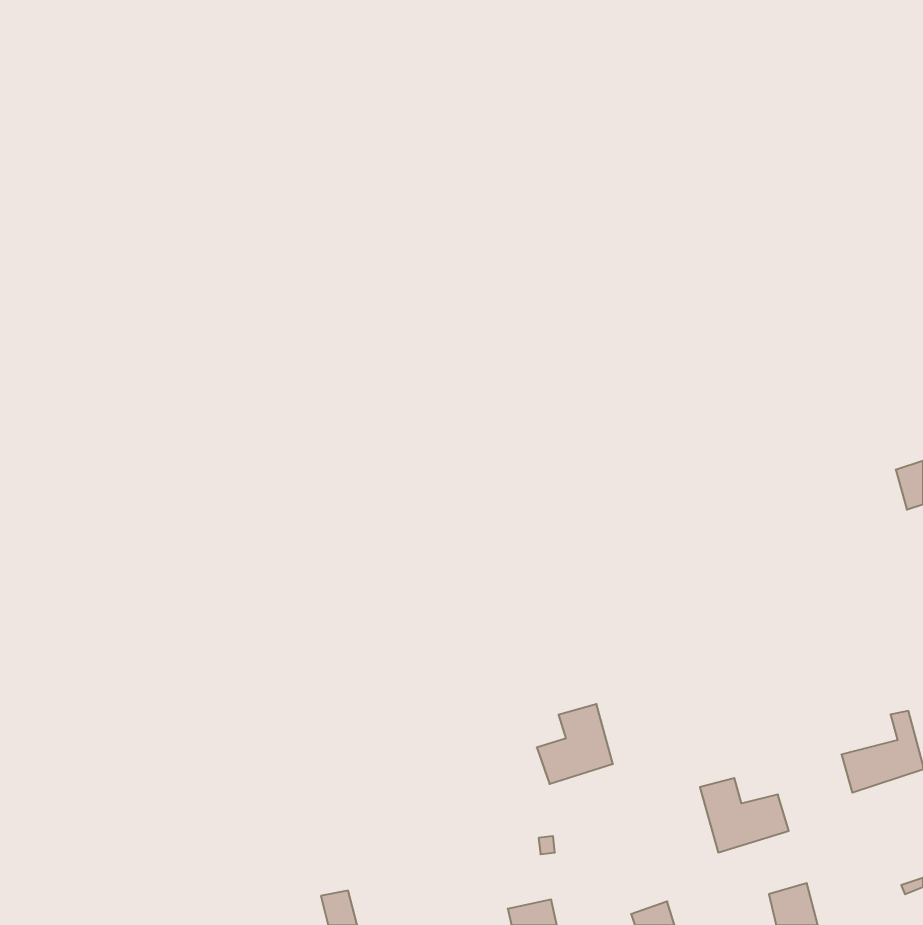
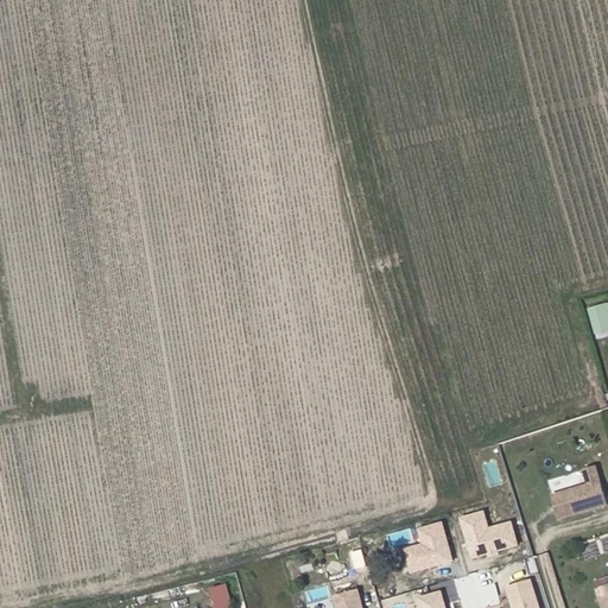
building: [537,704,613,784] -> [401,520,451,572]

